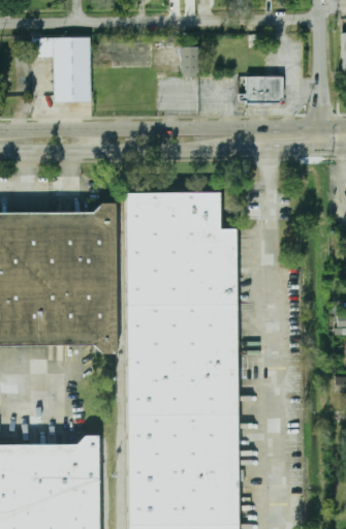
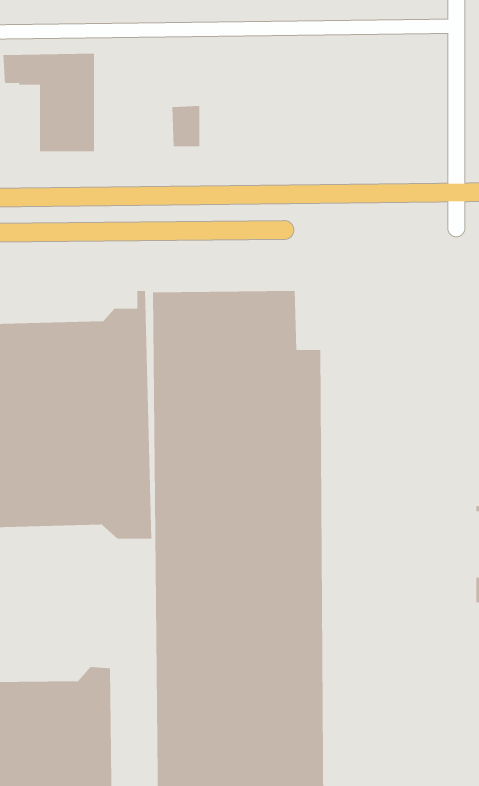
building: [181,45,199,72] -> [171,105,200,147]
building: [243,75,282,101] -> none

